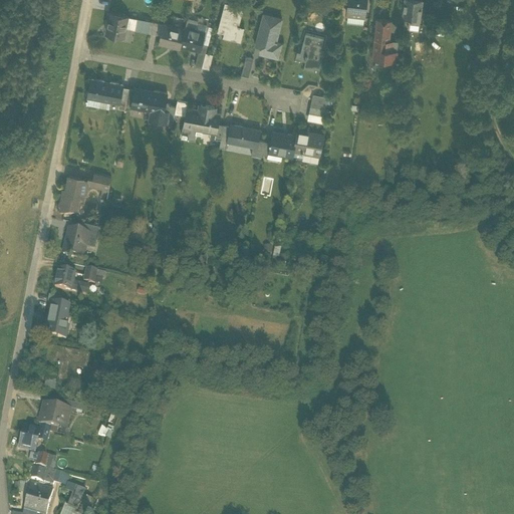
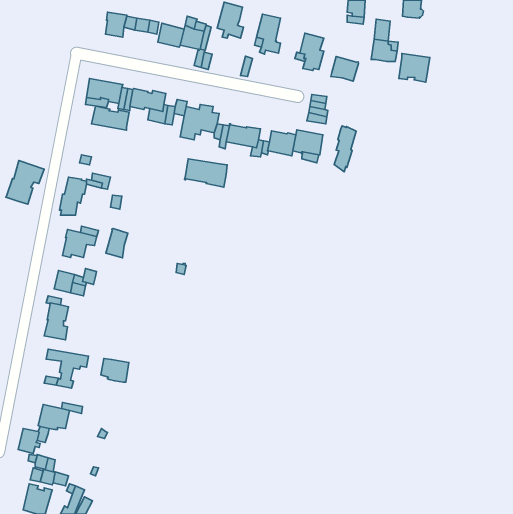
building: none -> [399,54,430,82]
building: none -> [331,56,359,81]
building: none -> [92,106,129,130]
building: none -> [334,126,356,172]
building: none -> [184,159,227,187]
building: none -> [6,161,44,204]
building: none -> [106,229,128,258]
building: none -> [101,358,129,382]

